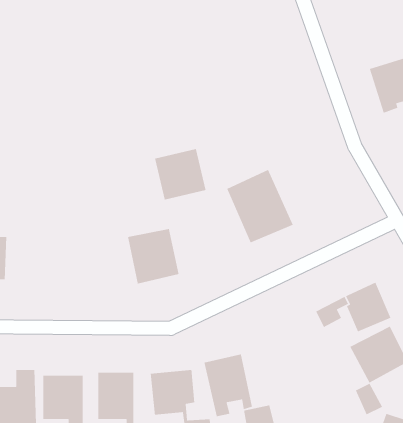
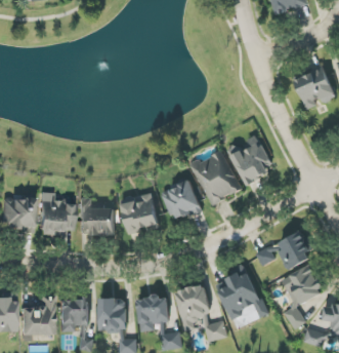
building: [154,148,207,200] -> [162,182,200,220]
building: none -> [228,135,273,185]
building: none -> [37,193,73,235]
building: none -> [78,197,114,235]
building: none -> [217,264,267,320]

